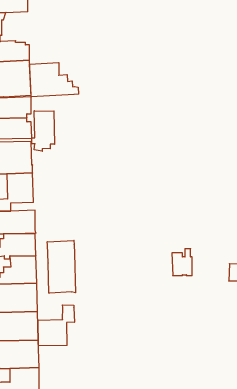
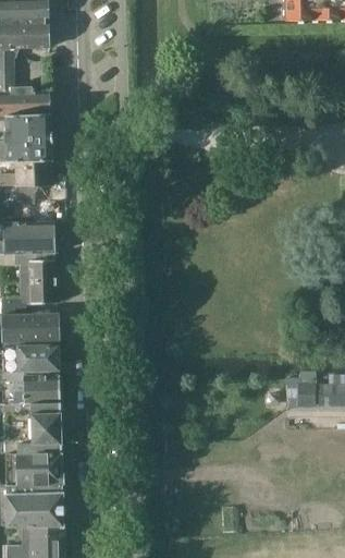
building: [30,63,79,97] -> none
building: [32,111,55,151] -> none
building: [47,240,75,293] -> none
building: [172,249,192,276] -> [286,373,313,409]
building: [38,305,74,346] -> none

